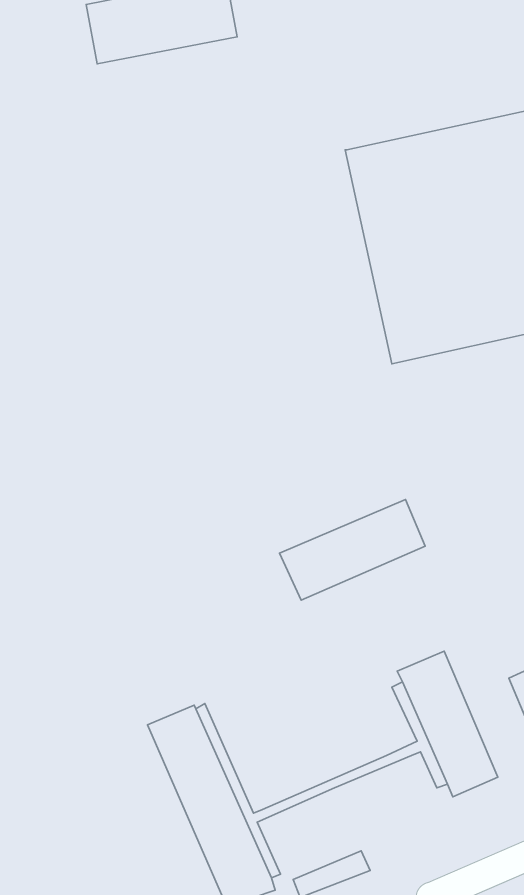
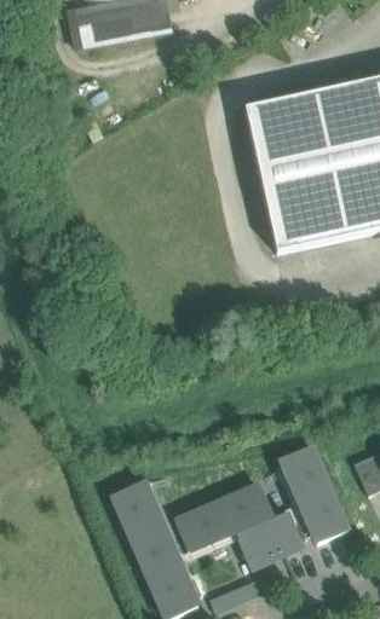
building: [280,499,425,600] -> [174,482,272,550]
building: none -> [237,514,303,567]

